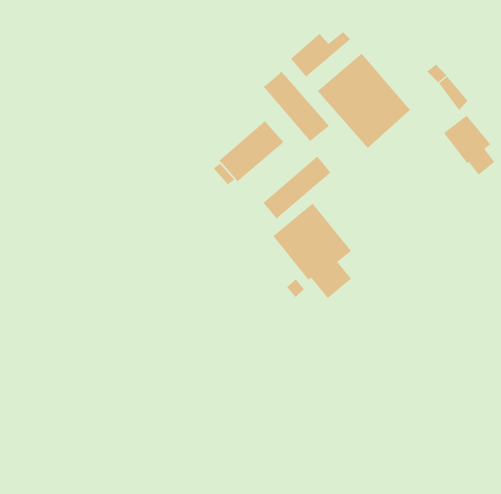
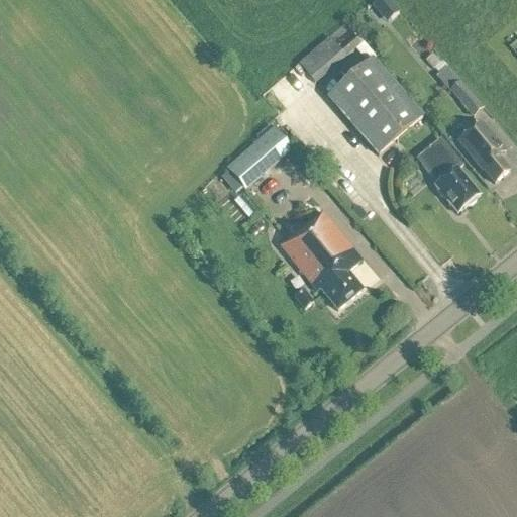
building: [263,71,330,142] -> none
building: none -> [417,136,479,209]
building: [262,155,331,219] -> none

